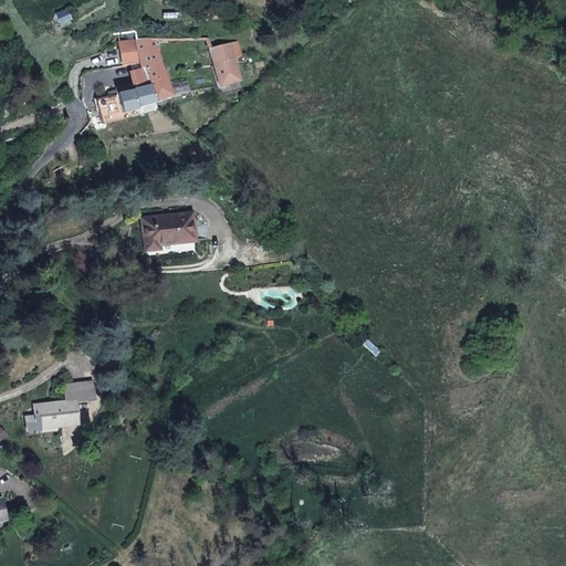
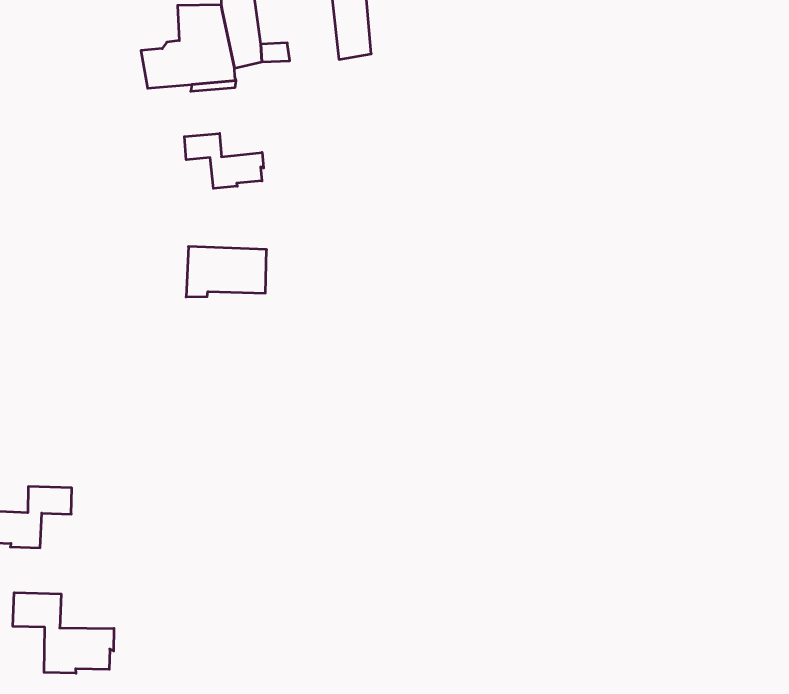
building: none -> [184,133,264,188]
building: none -> [13,593,114,673]

